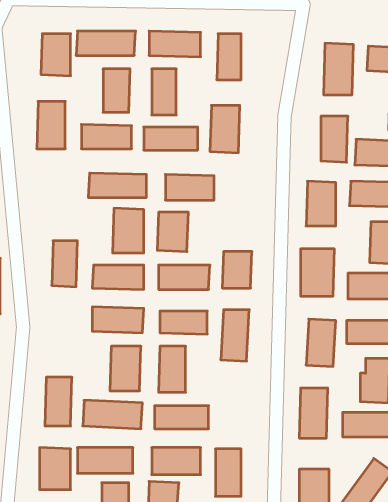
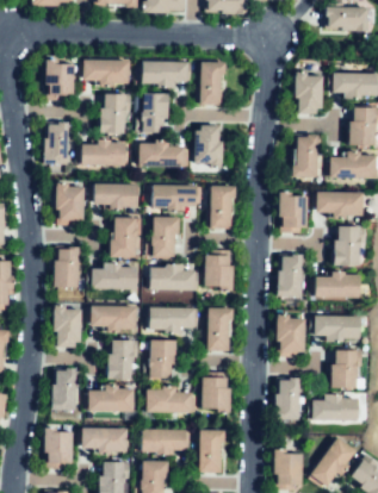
building: none -> [54,183,83,223]
building: none -> [209,187,233,229]
building: none -> [54,305,81,345]
building: none -> [204,376,231,407]

